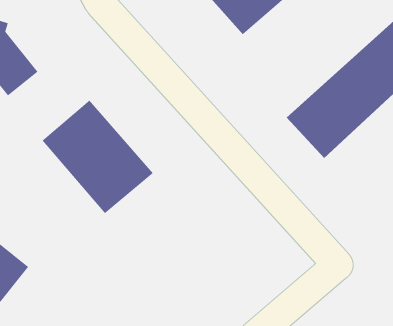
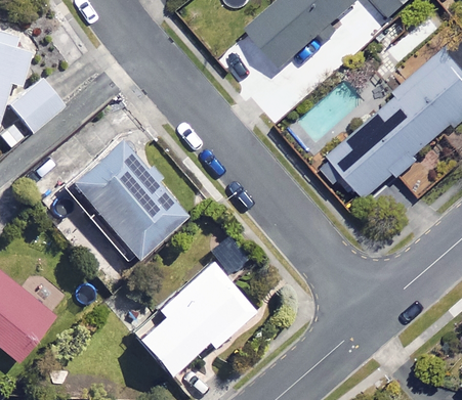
building: none -> [132,260,252,372]

